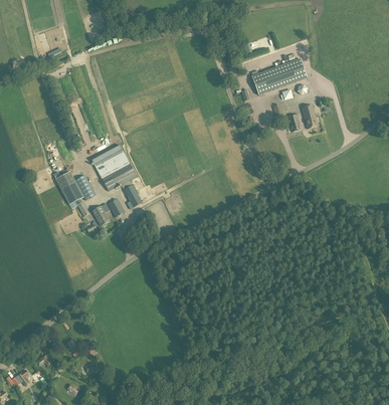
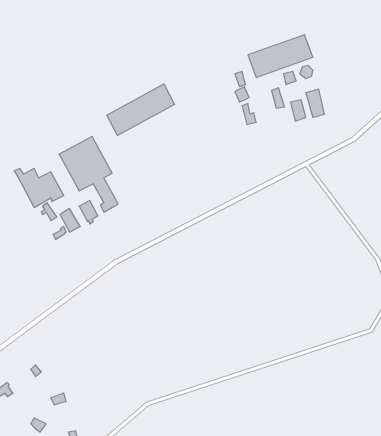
building: none -> [107,84,175,136]

